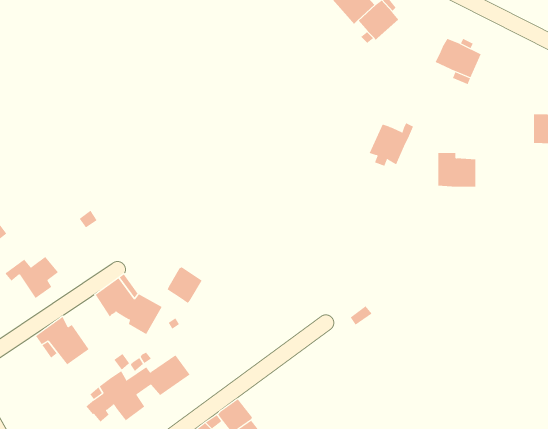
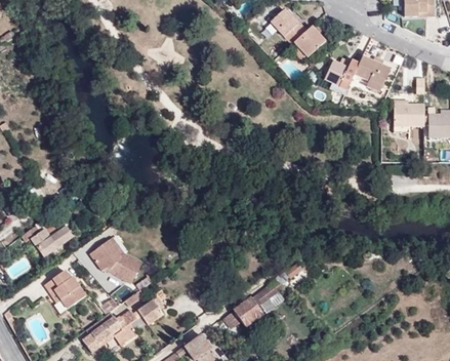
building: [369,123,414,166] -> [324,57,359,91]
building: [438,153,476,187] -> [394,99,423,126]
building: [167,266,203,304] -> none
building: none -> [233,279,284,326]

